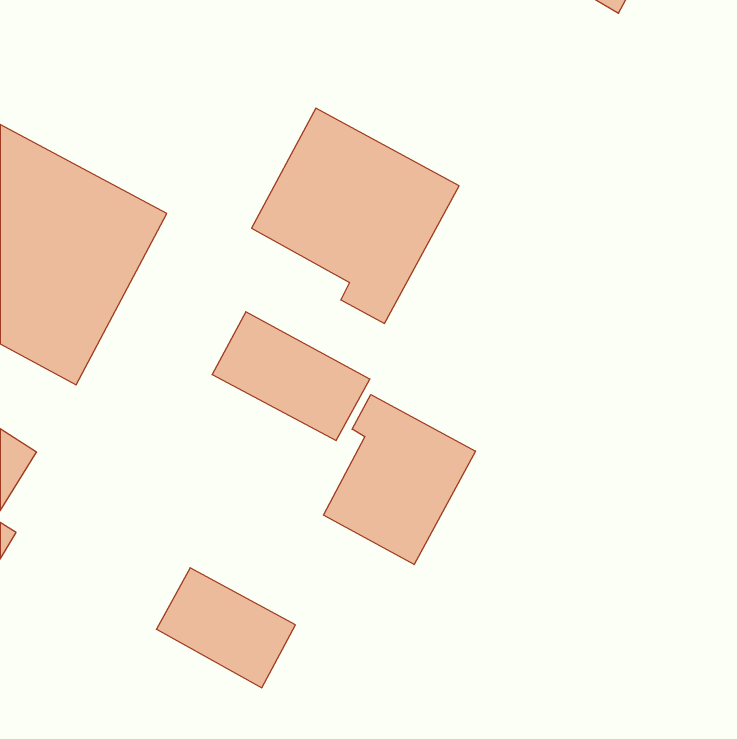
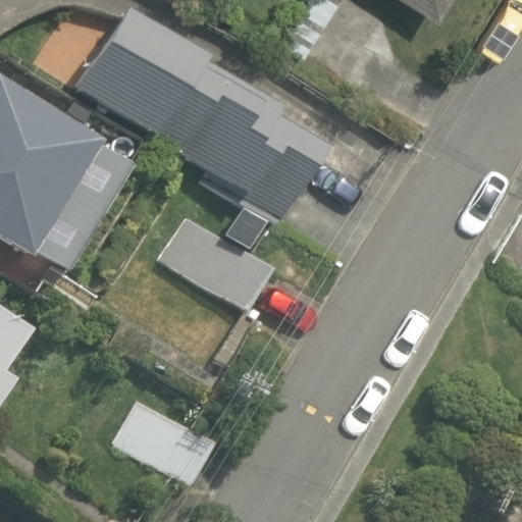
building: none -> [72,16,227,159]
building: [323,395,476,565] -> none

